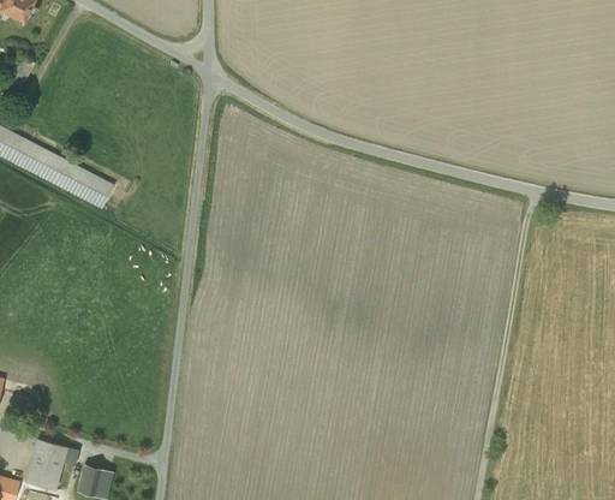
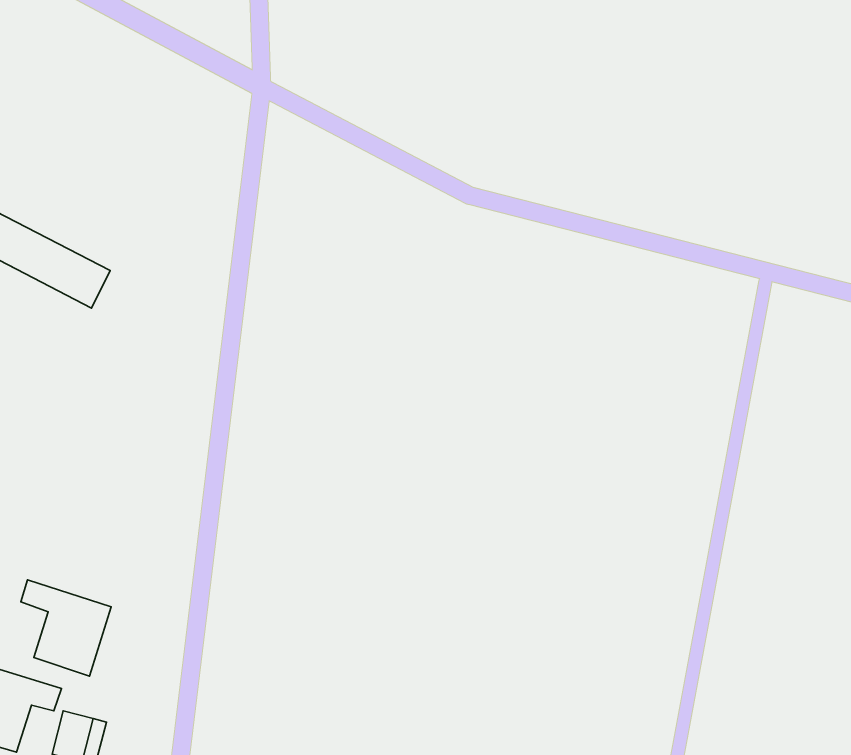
building: none -> [21,580,111,676]

